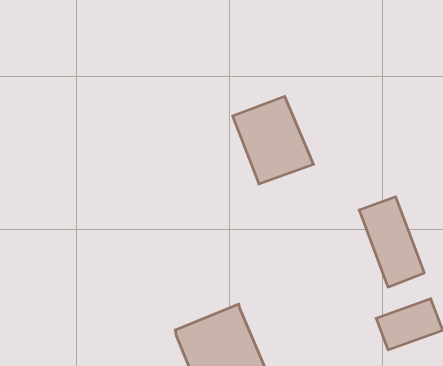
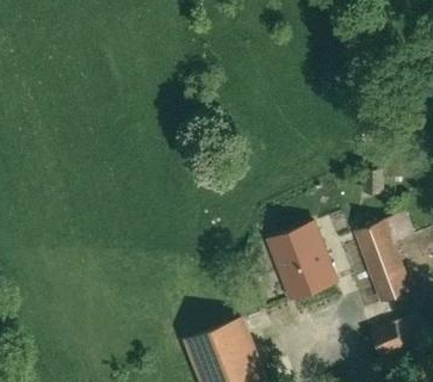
building: [233,96,314,184] -> [266,221,340,301]

